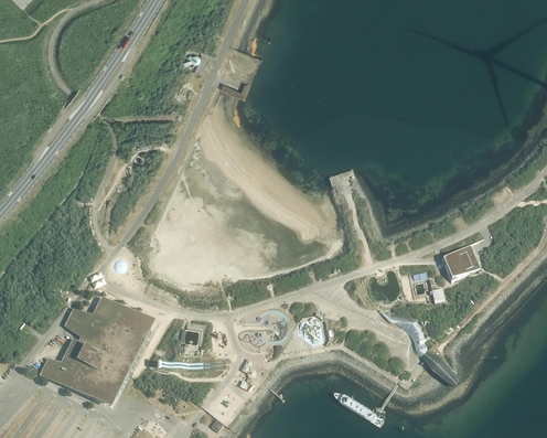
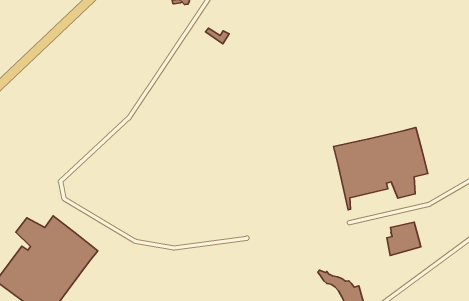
building: none -> [333,128,428,210]

